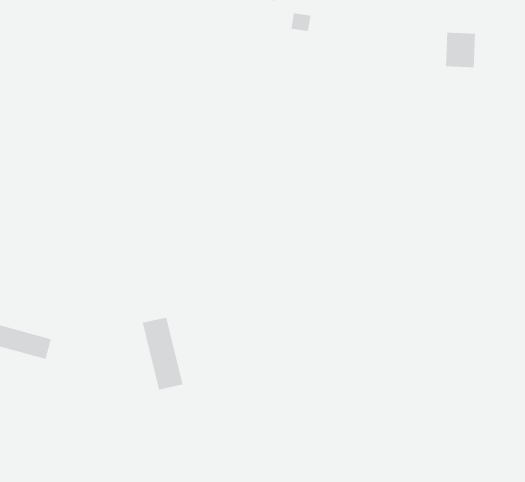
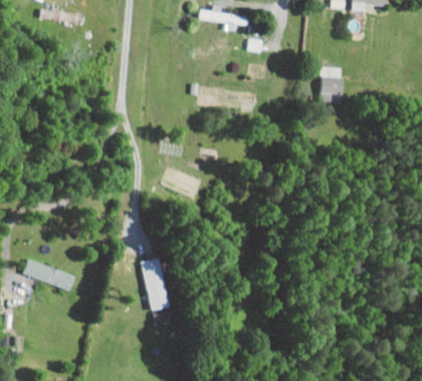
building: [445,32,476,68] -> [321,76,343,102]

